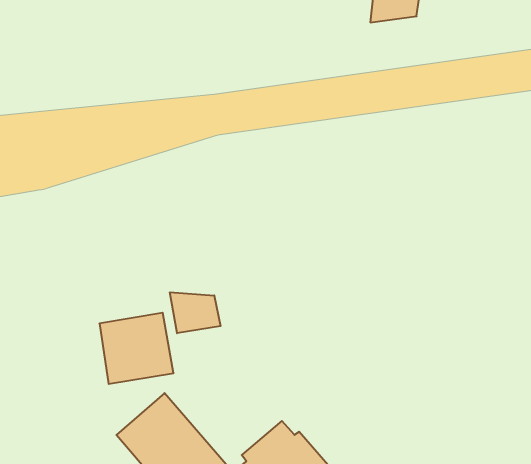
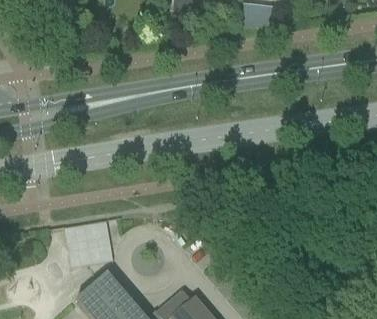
building: [170,292,221,333] -> none

